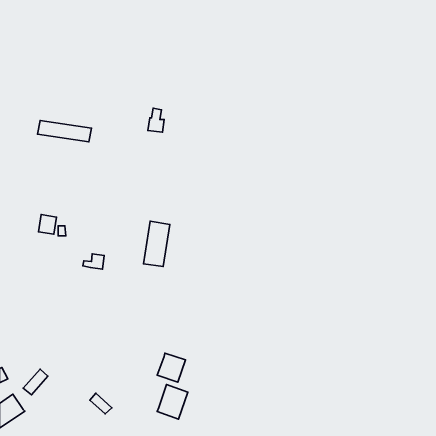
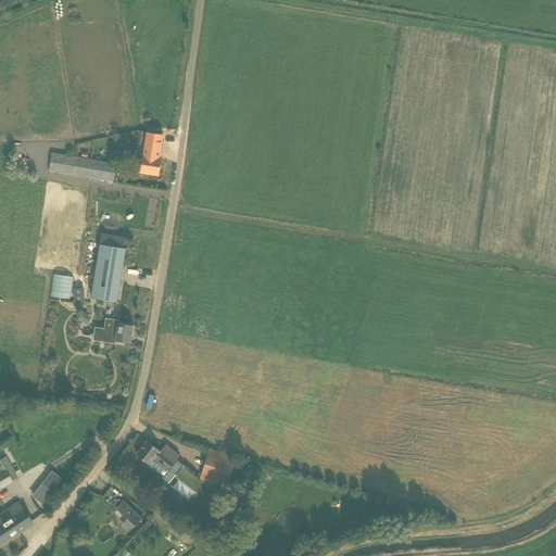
building: [148,108,164,132] -> [140,143,161,174]
building: [143,221,170,267] -> [91,243,125,301]
building: none -> [136,440,179,480]
building: [157,385,188,419] -> none

